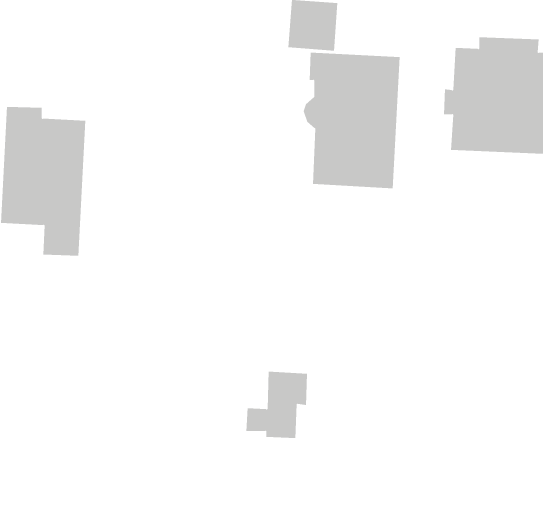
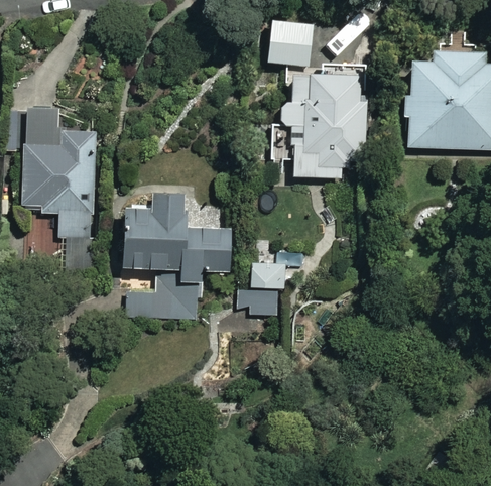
building: none -> [123,193,231,320]
building: [246,371,308,438] -> [233,258,286,316]

